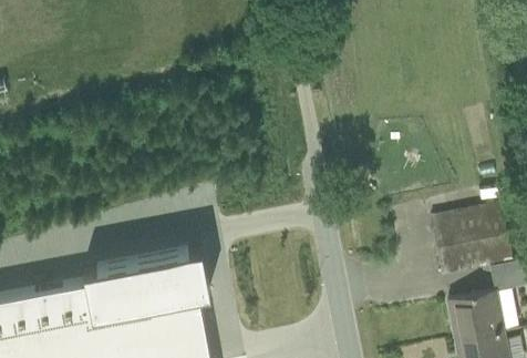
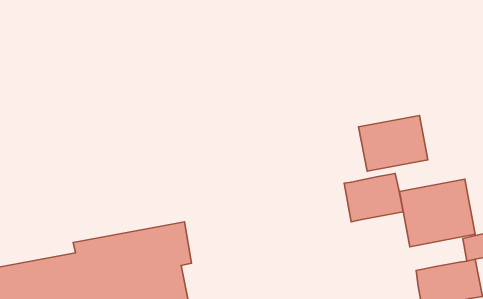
building: none -> [359,115,428,171]
building: none -> [344,174,403,222]

